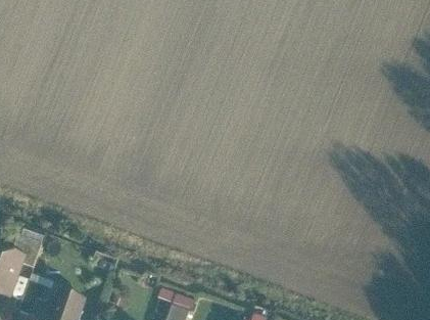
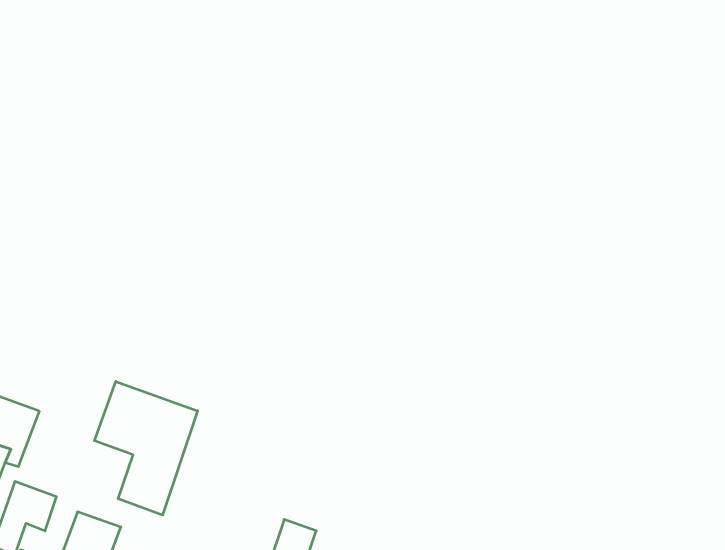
building: none -> [94,381,198,515]

